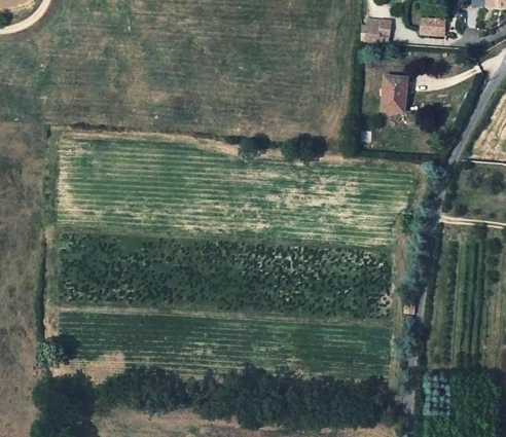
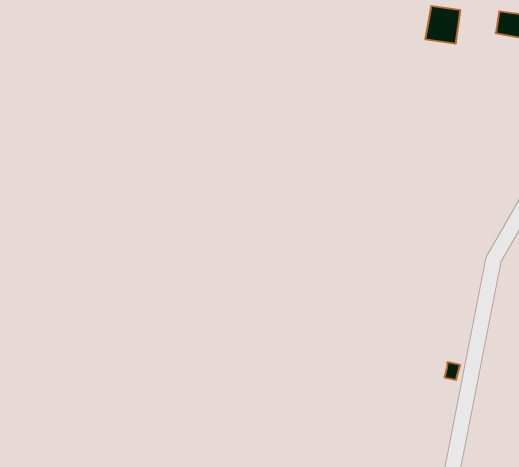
building: [384,76,404,110] -> none

